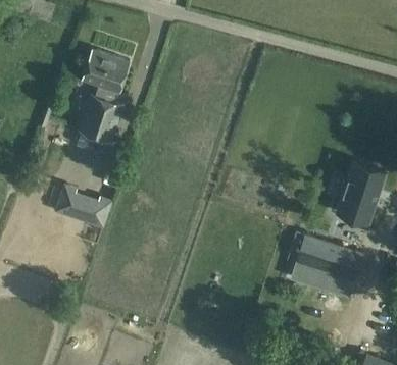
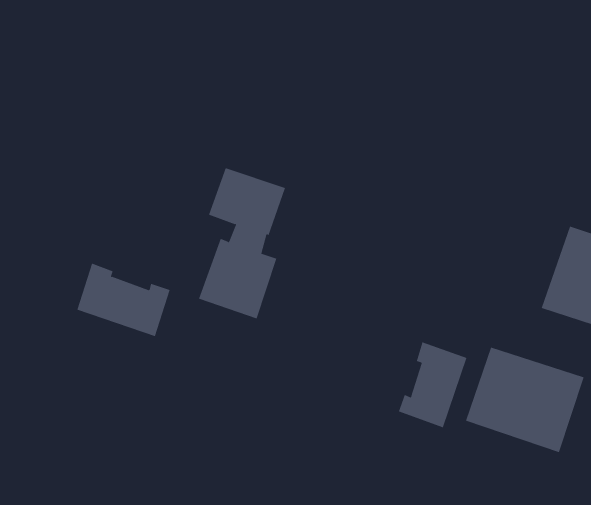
building: [75,51,128,143] -> [198,168,286,319]
building: none -> [398,342,467,428]

